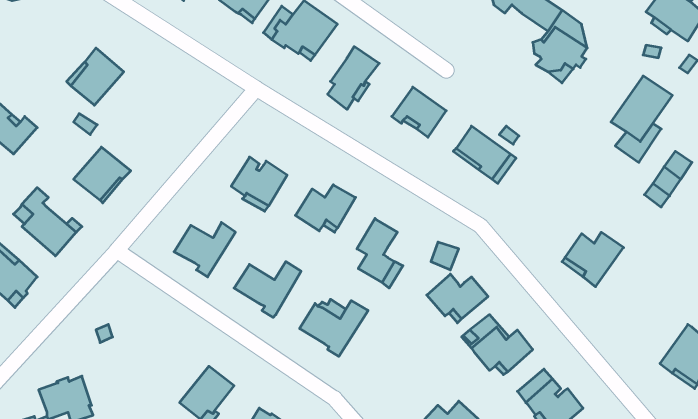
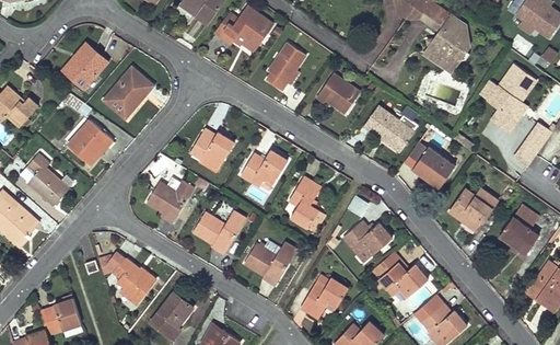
building: none -> [103,67,153,117]
building: none -> [412,147,454,187]
building: none -> [499,204,538,253]
building: none -> [98,253,155,303]
building: none -> [300,277,348,318]

